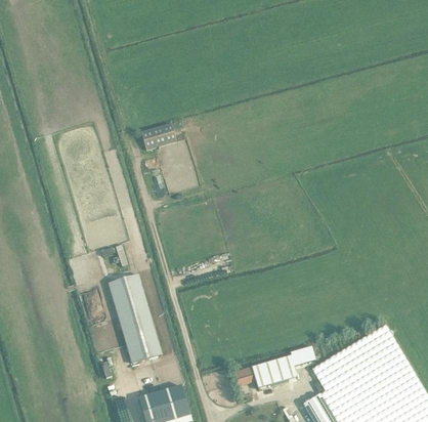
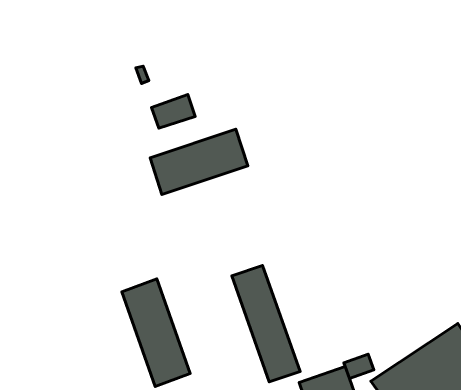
building: none -> [150,129,248,195]
building: none -> [232,266,300,382]

